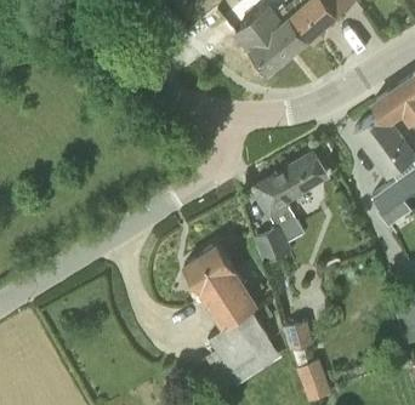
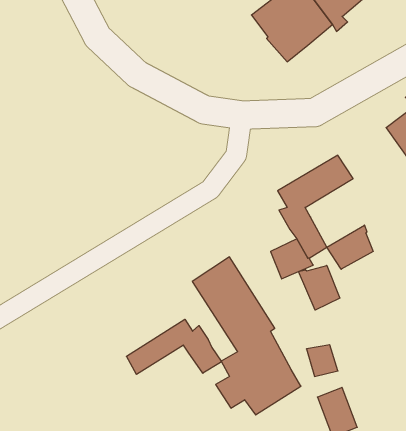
building: none -> [327,225,373,269]
building: none -> [298,265,340,310]
building: none -> [126,319,221,374]

